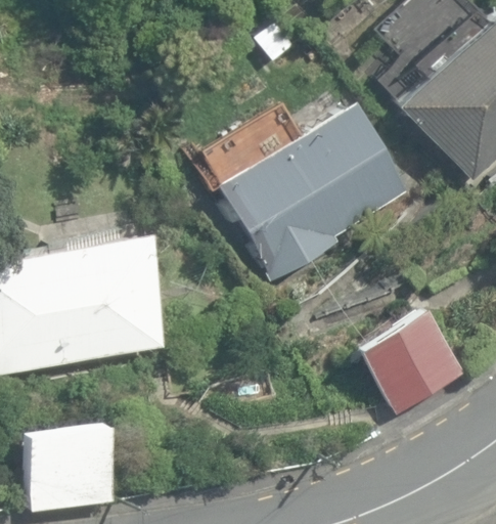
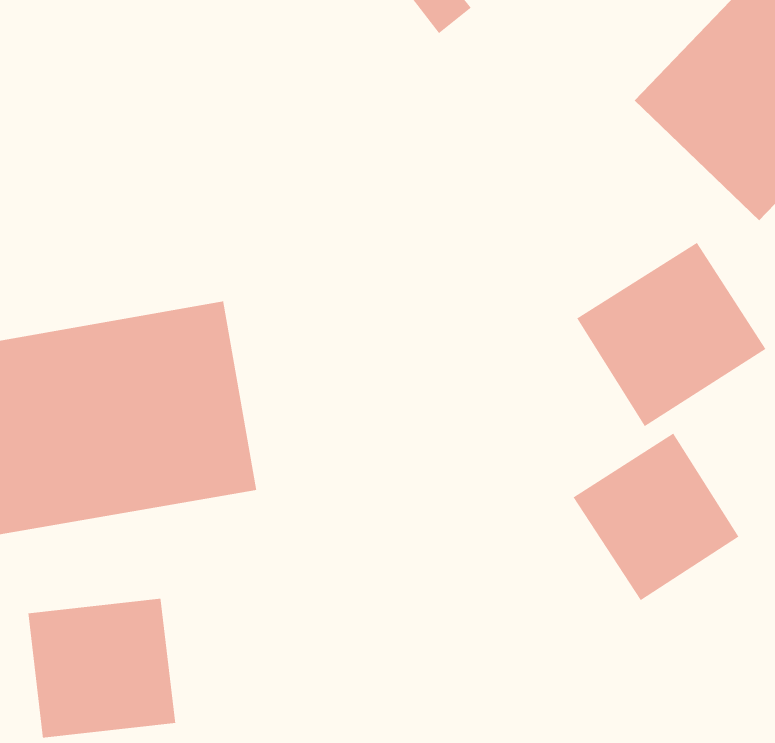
building: [218,103,406,282] -> none
building: none -> [576,242,766,427]

